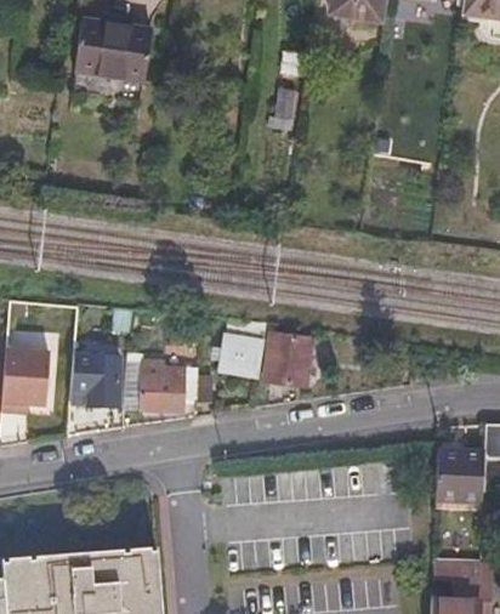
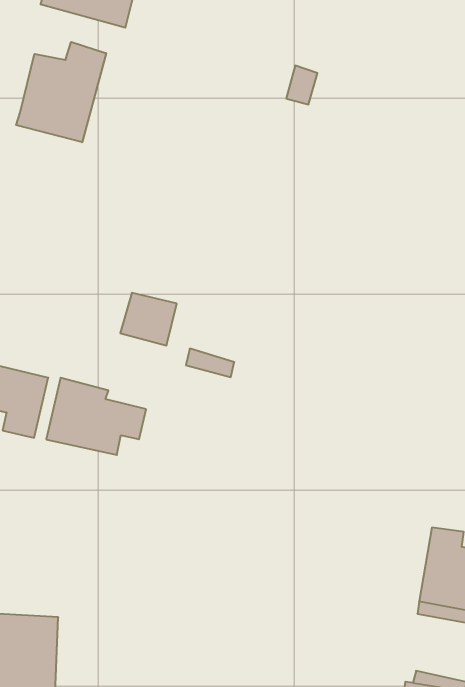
building: none -> [16,42,106,142]
building: [266,341,312,388] -> none
building: [220,342,261,380] -> [120,293,177,345]

